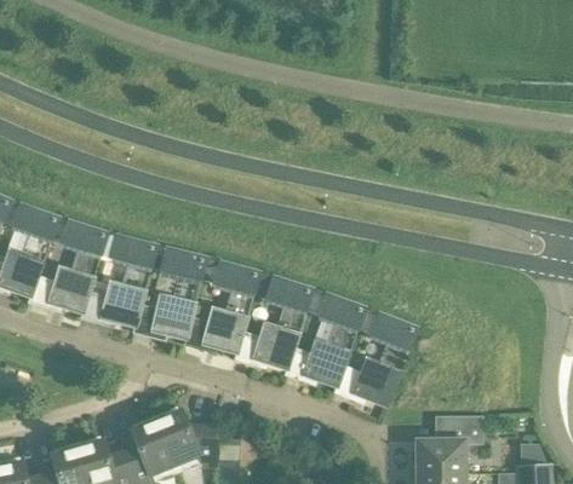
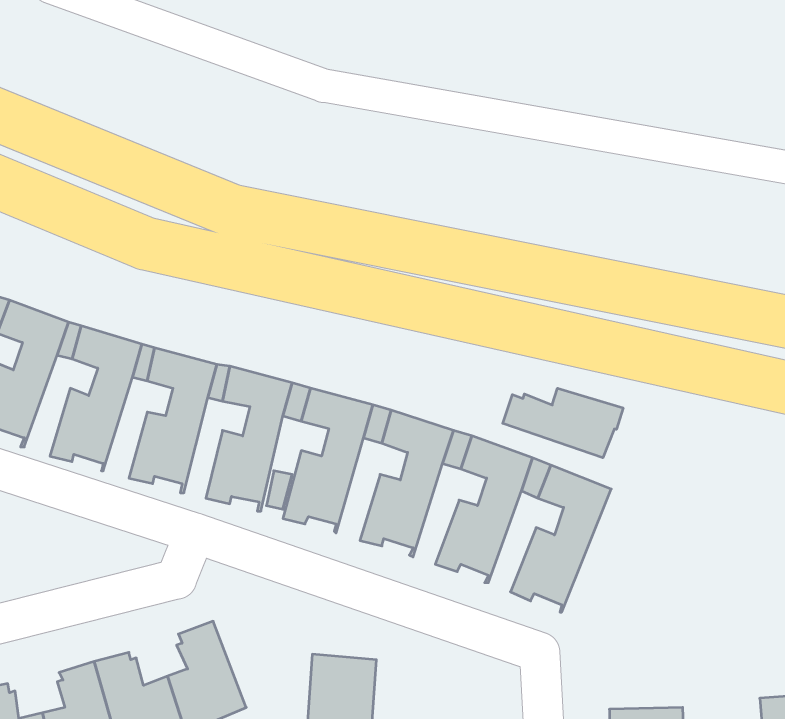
building: none -> [503,388,623,458]
building: [154,407,216,473] -> none
building: [411,416,482,474] -> none

